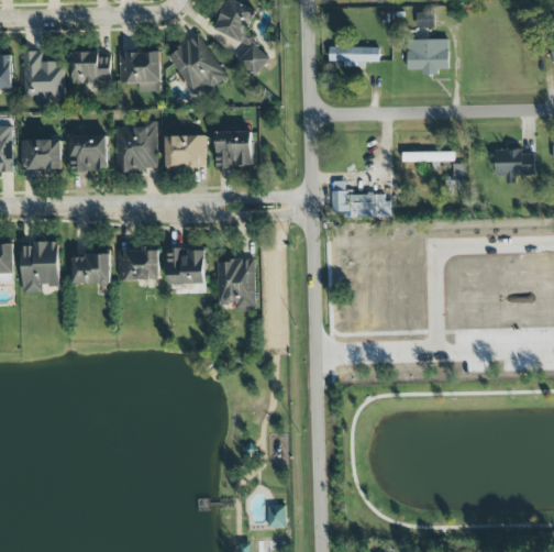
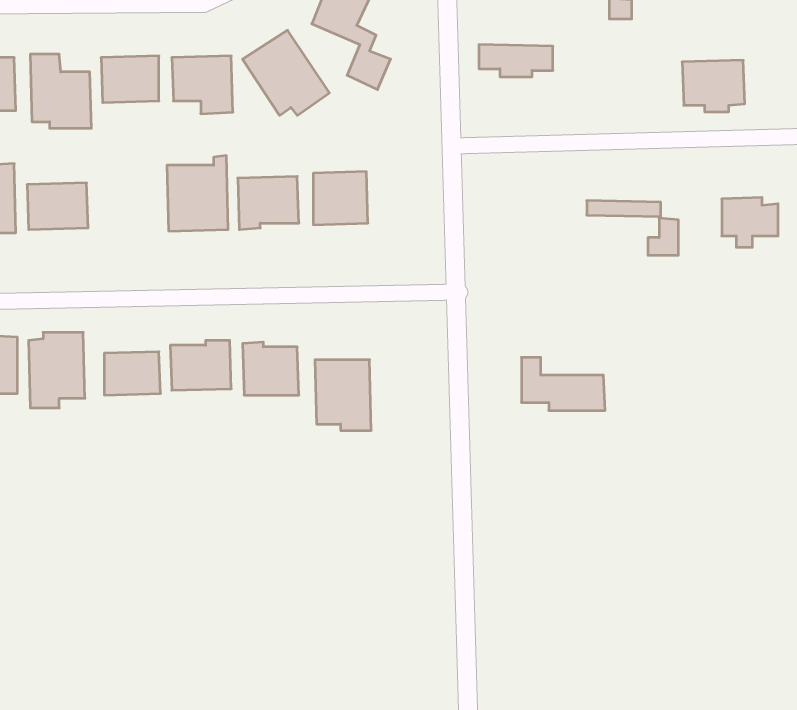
building: [406,38,448,74] -> [682,60,745,112]
building: [69,134,107,172] -> none
building: [331,180,388,217] -> [521,357,605,410]

